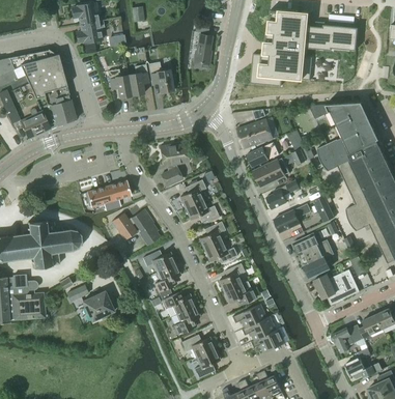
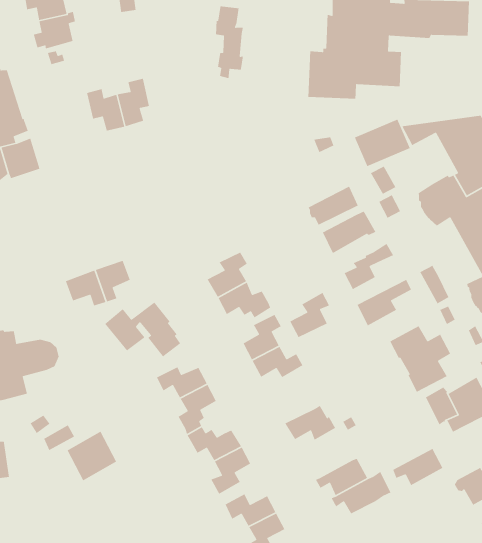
building: [148,63,173,93] -> none
building: [236,119,273,149] -> [354,119,411,167]
building: [160,144,189,187] -> none
building: [218,263,245,292] -> [289,292,330,338]
building: [232,305,265,329] -> [392,448,444,486]

